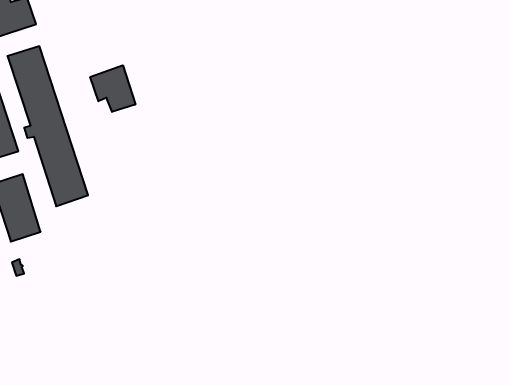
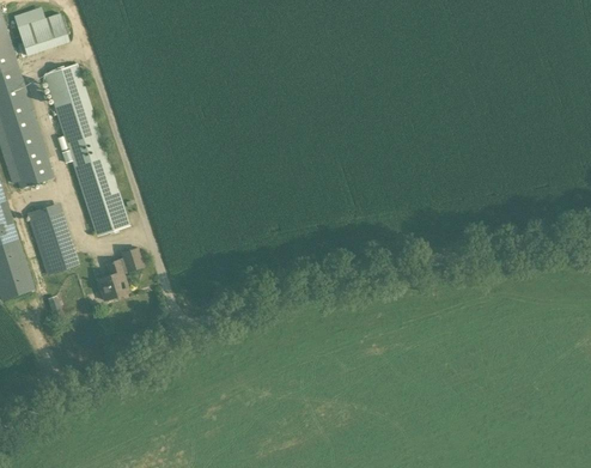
building: [90,65,135,112] -> none
building: none -> [95,247,144,300]

